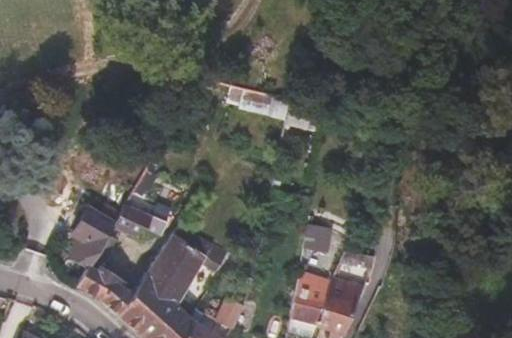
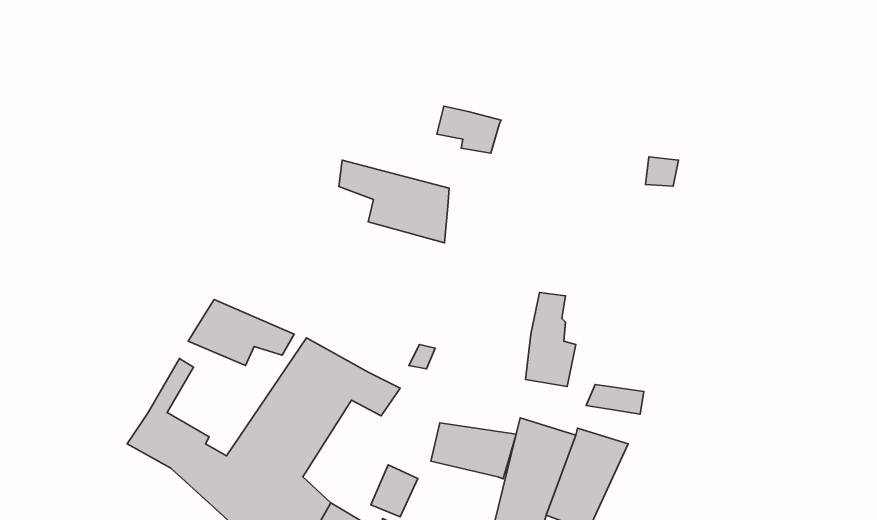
building: none -> [339,160,449,243]
building: [69,203,121,267] -> none
building: none -> [431,423,516,479]

